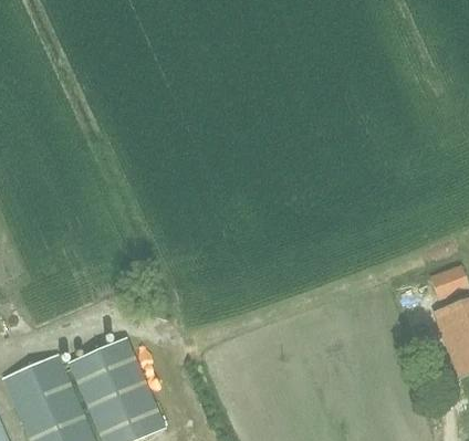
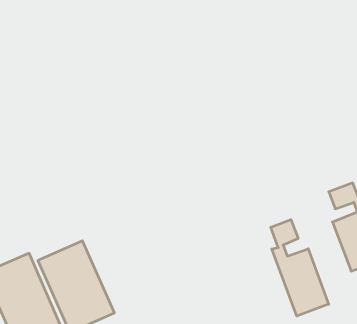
building: none -> [271,220,329,316]

